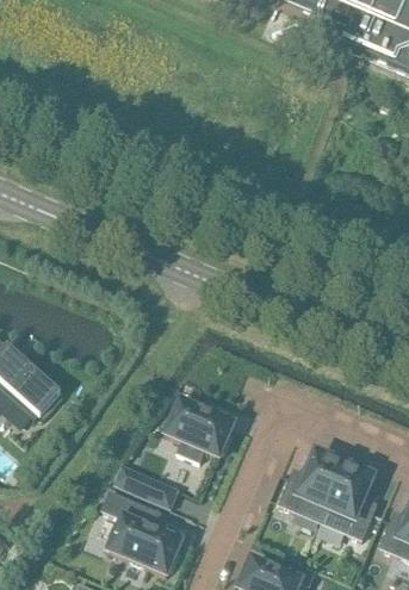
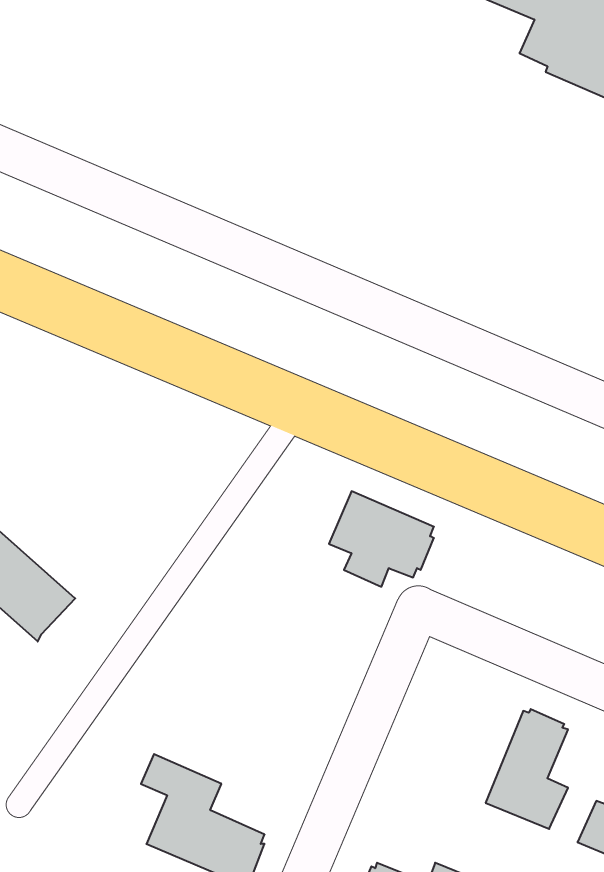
building: [166,400,233,461] -> [329,491,434,587]
building: [279,449,345,521] -> none
building: [116,465,178,507] -> none

